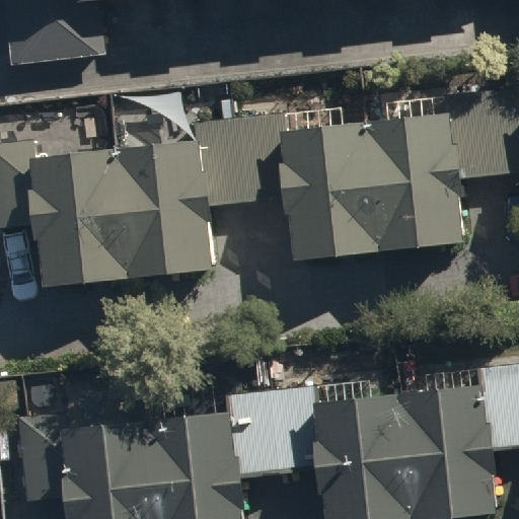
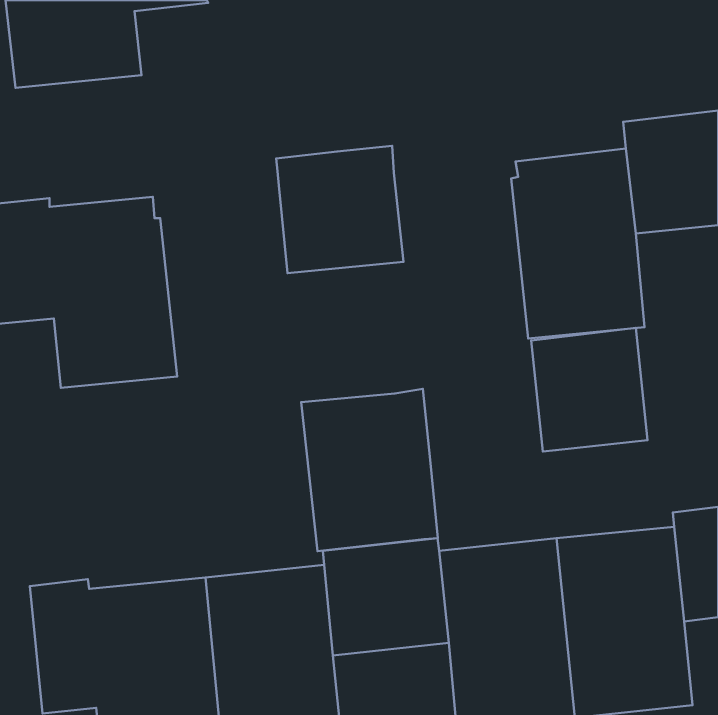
building: [282,122,378,257] -> none
building: [115,139,213,276] -> none
building: none -> [531,328,648,451]
building: none -> [301,389,438,551]

